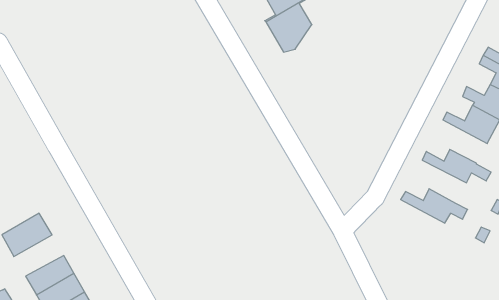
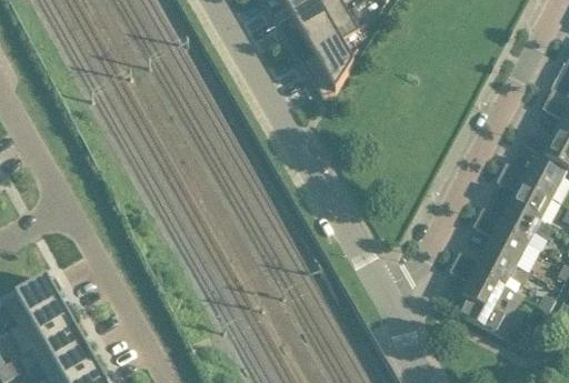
building: none -> [497,170,552,219]
building: none -> [473,215,529,264]
building: none -> [450,260,516,334]
building: none -> [11,300,74,351]

